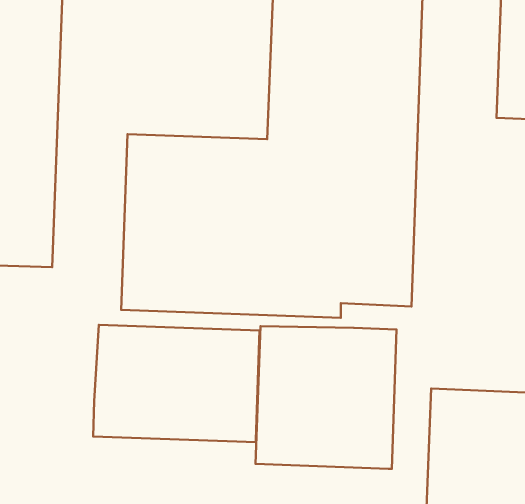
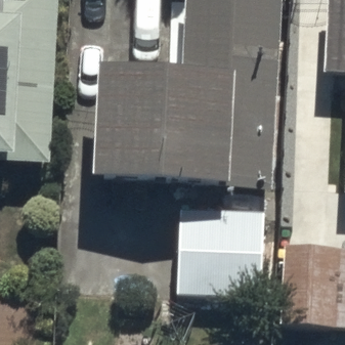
building: [93,325,260,442] -> none

